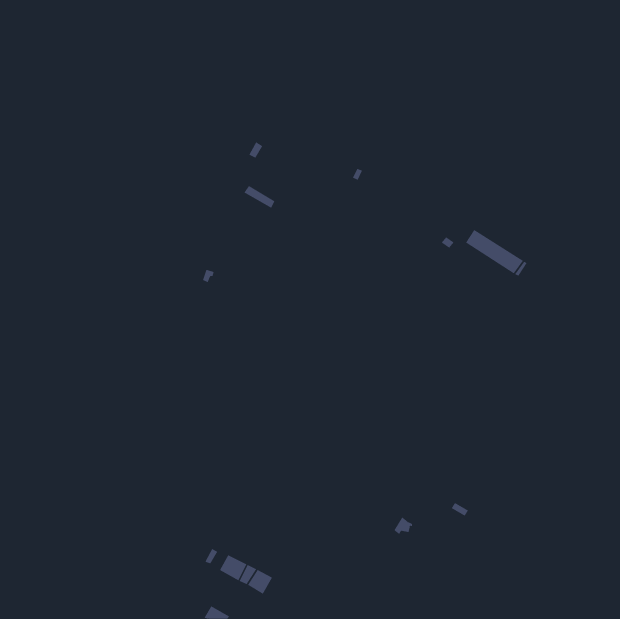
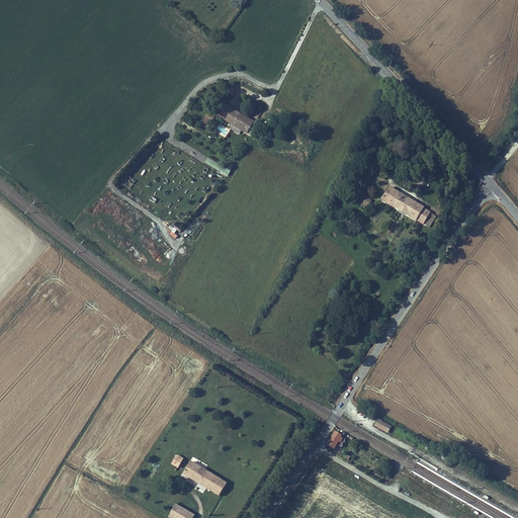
building: none -> [222,106,253,135]

